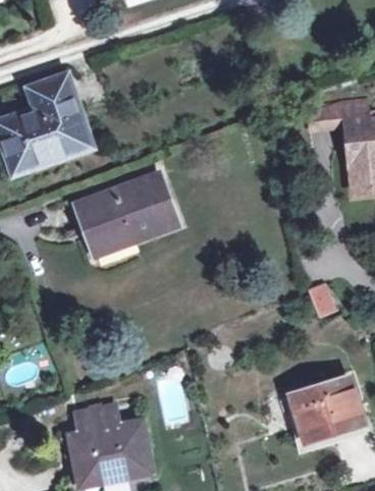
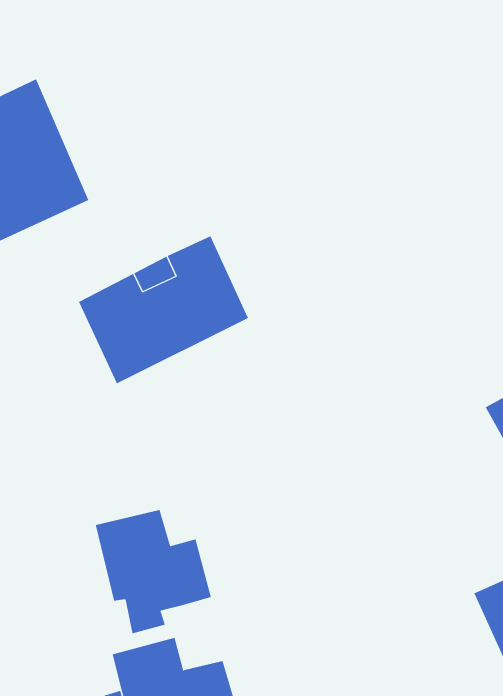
building: none -> [95,509,212,634]

